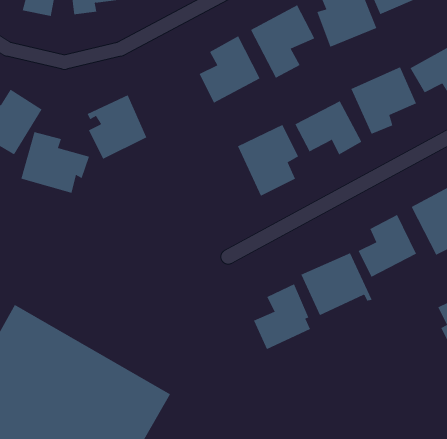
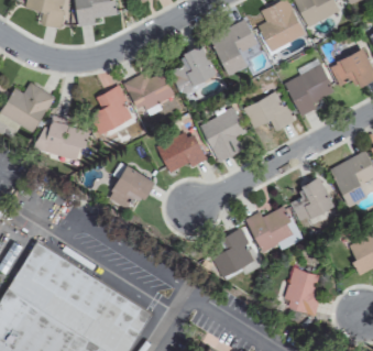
building: none -> [124,69,175,118]
building: none -> [157,131,207,174]
building: none -> [107,165,156,210]
building: none -> [282,267,322,316]

